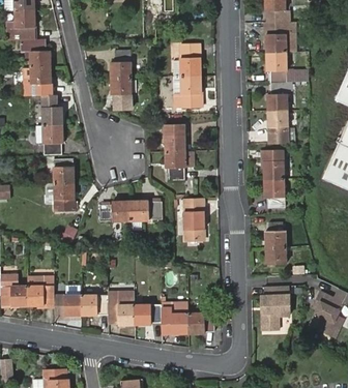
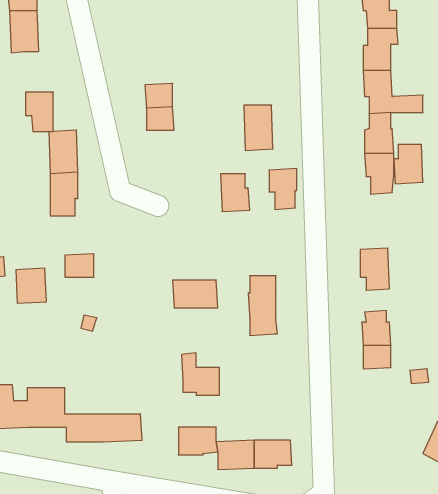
building: [25,38,46,67] -> none
building: [180,46,201,77] -> none
building: [166,151,185,180] -> [269,169,297,209]
building: [263,151,284,179] -> [394,144,423,184]
building: [53,158,75,183] -> [16,268,46,303]
building: [100,201,132,221] -> none
building: [108,295,135,325] -> [182,353,219,395]
building: [260,295,288,330] -> none

